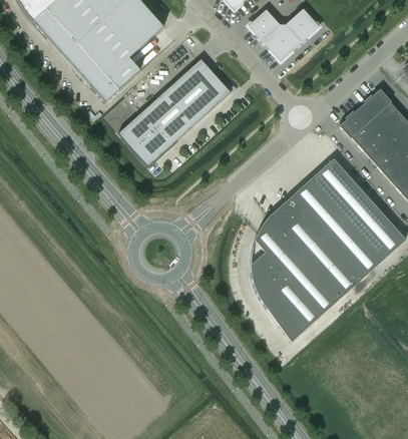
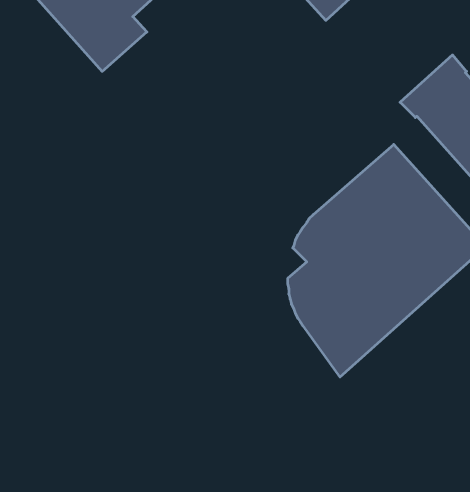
building: [118,58,231,165] -> none

